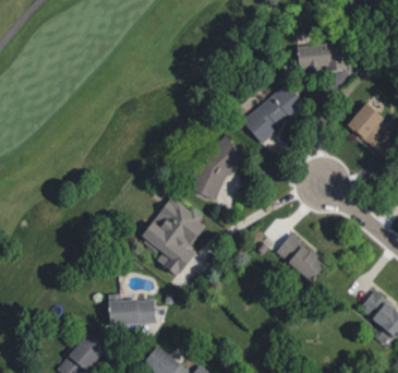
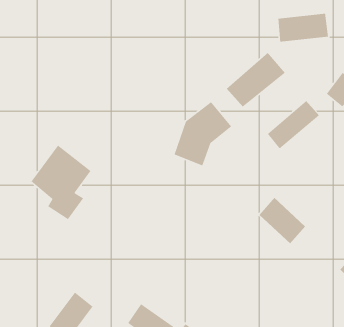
building: none -> [267,100,320,150]
building: [140,198,203,277] -> [30,145,91,220]
building: [107,299,158,328] -> none

